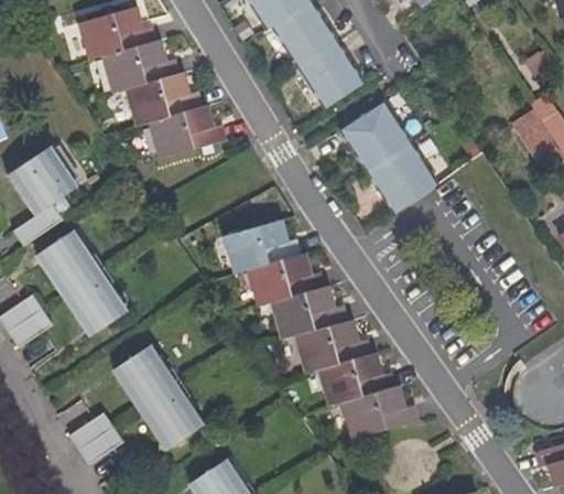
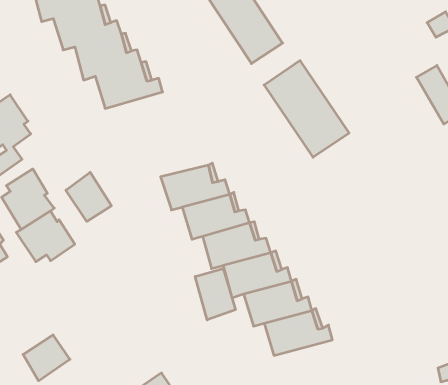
building: none -> [66,172,111,221]
building: none -> [195,269,235,320]
building: [113,343,204,445] -> none

